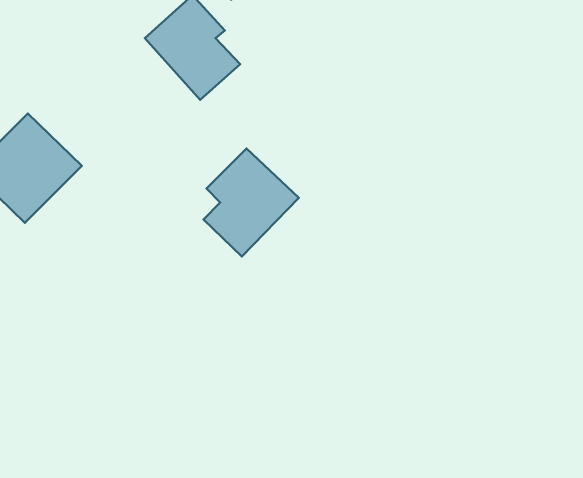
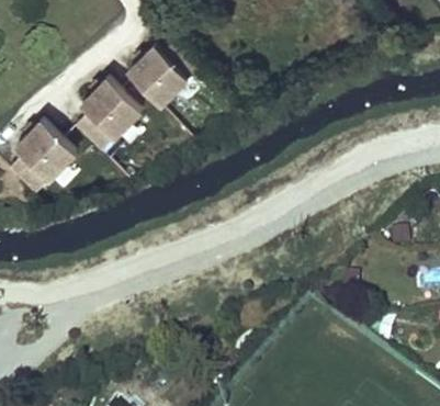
building: [203,149,299,256] -> [78,69,146,146]

